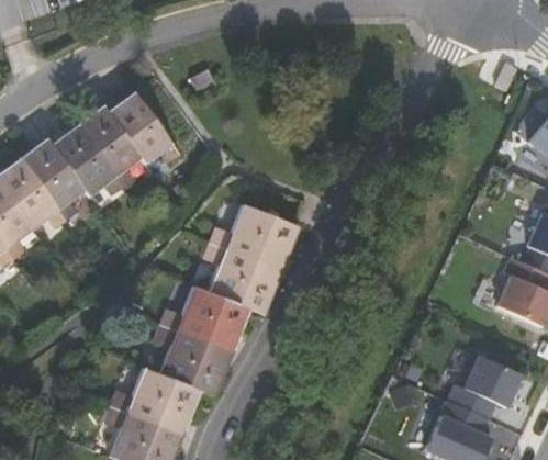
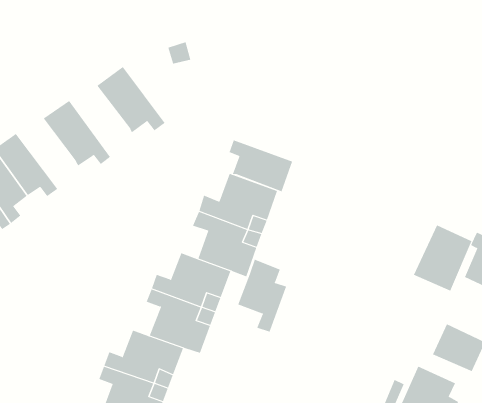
building: [76,103,139,183] -> none
building: [19,138,81,217] -> none
building: none -> [229,139,293,192]
building: none -> [413,225,472,291]
building: none -> [238,259,287,332]

